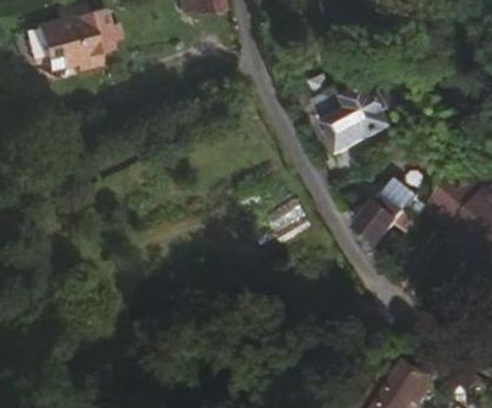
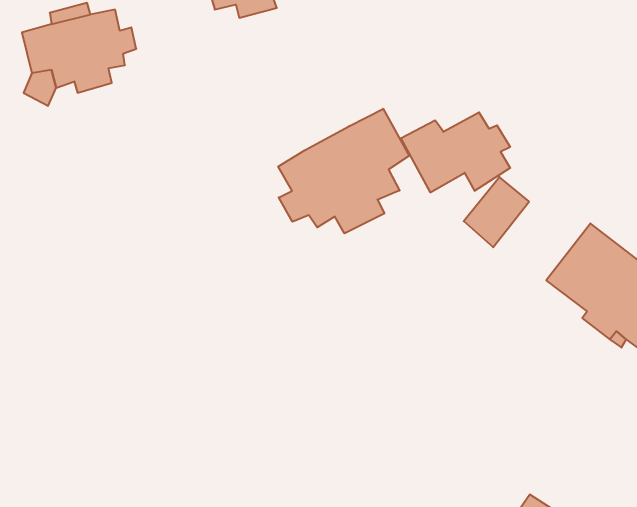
building: none -> [278,109,409,233]
building: [357,193,404,244] -> [464,177,529,247]

